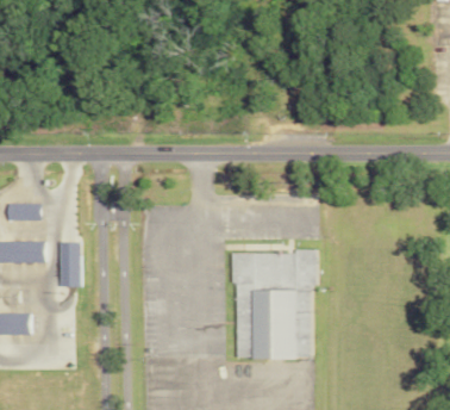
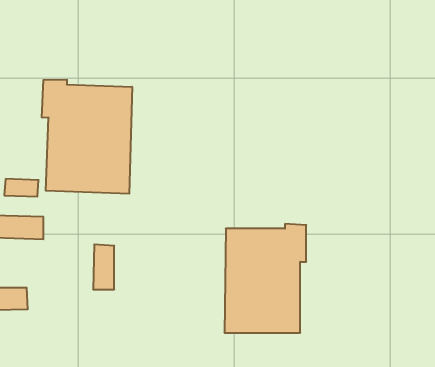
building: none -> [42,80,132,194]
building: [63,241,85,286] -> [93,244,114,289]

